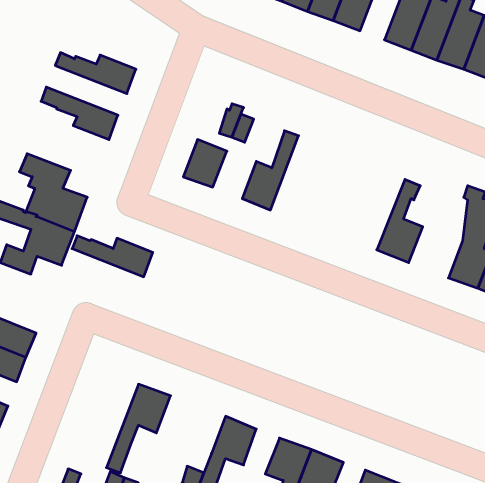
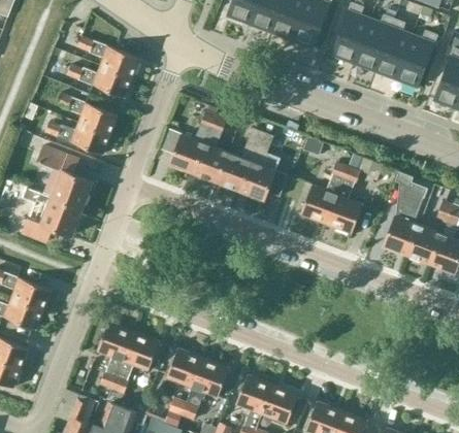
building: none -> [76,36,139,77]
building: none -> [239,131,287,199]
building: none -> [193,143,228,181]
building: none -> [299,161,348,223]
building: [72,236,153,277] -> [44,121,109,154]
building: none -> [96,321,133,398]
building: none -> [166,347,203,387]

